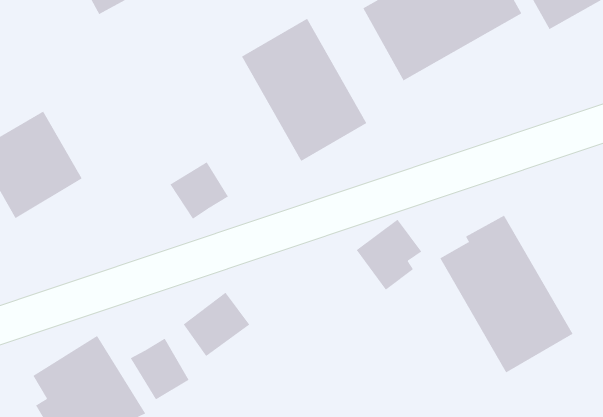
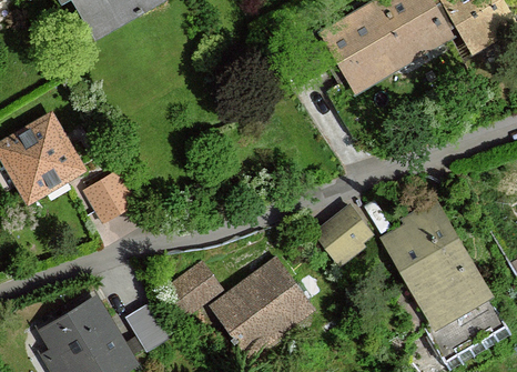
building: [241,18,367,162] -> none
building: [169,161,229,220] -> [88,174,136,222]
building: none -> [214,261,314,356]

